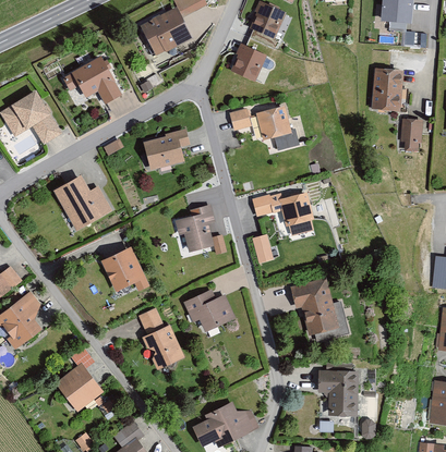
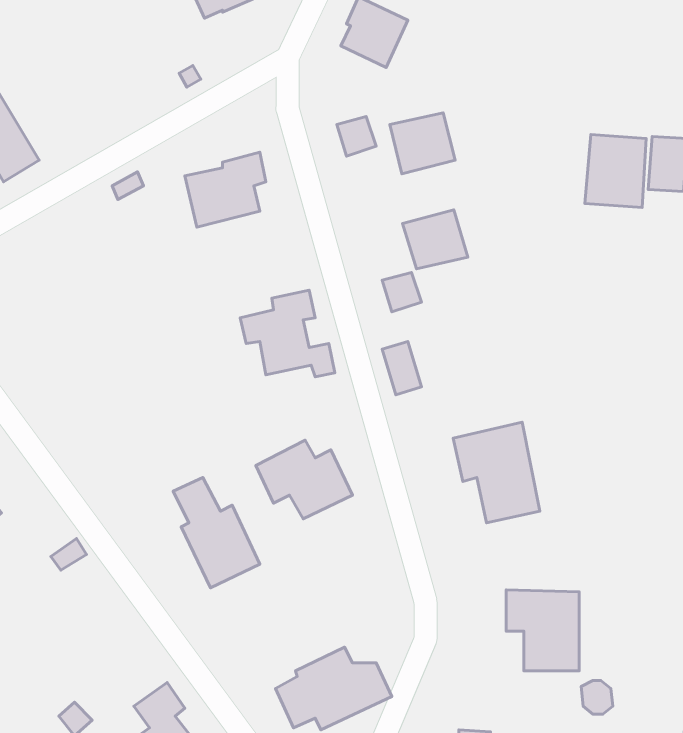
building: [62,57,120,103] -> none
building: [372,70,406,110] -> [585,134,646,207]
building: [55,175,111,230] -> none
building: [281,192,317,224] -> [403,210,468,269]
building: [101,247,150,292] -> none
building: [55,363,101,411] -> none

